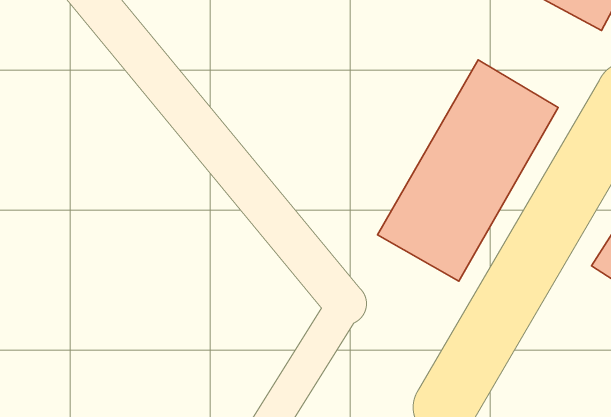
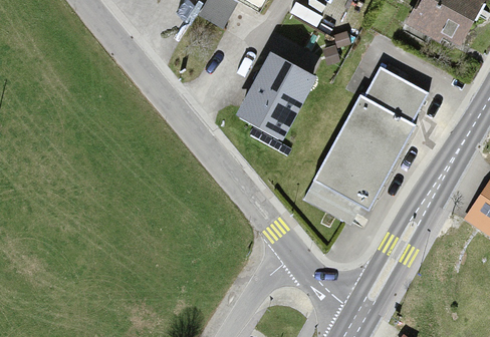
building: none -> [233,50,310,135]

